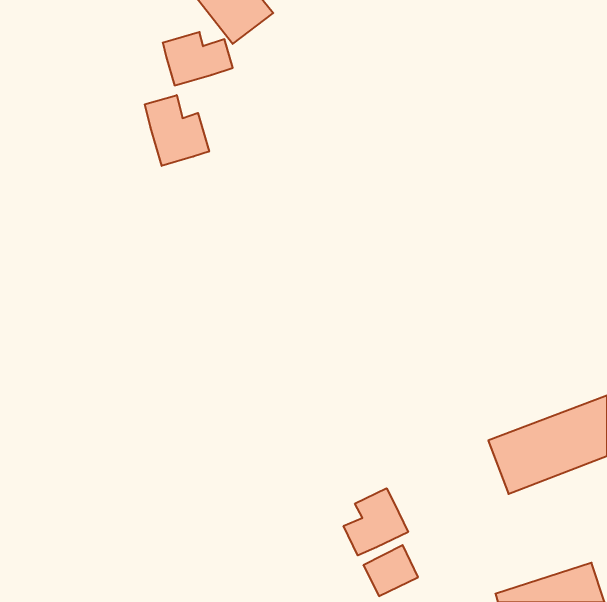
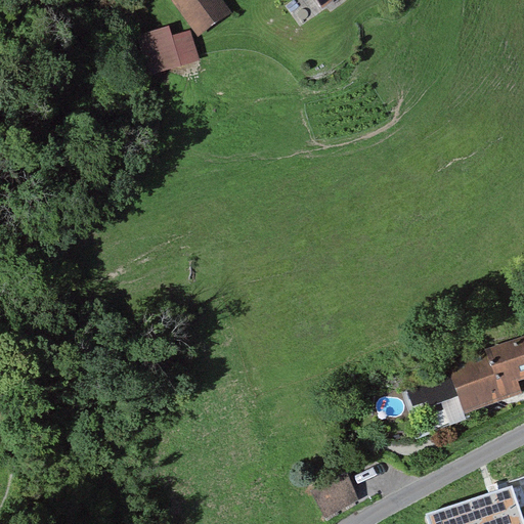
building: [145,95,209,166] -> none
building: [344,488,408,555] -> none

